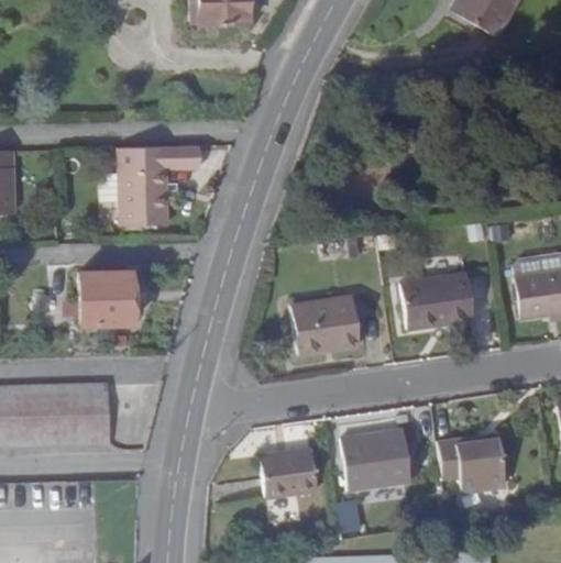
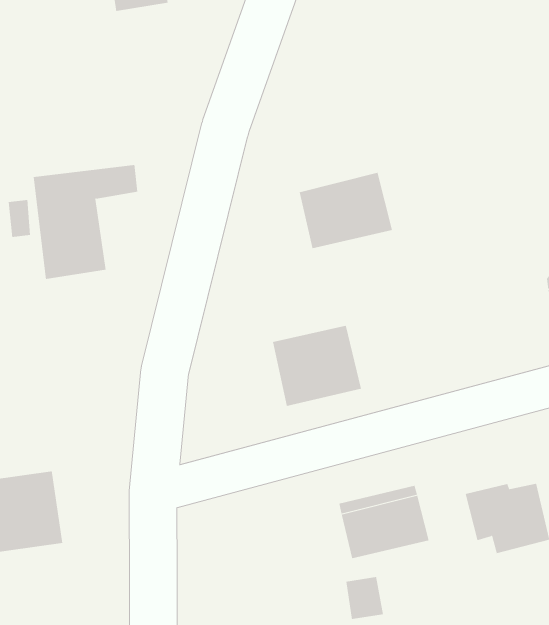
building: [88,273,141,327] -> none
building: [403,274,474,329] -> [299,172,393,249]
building: [256,448,311,494] -> none

